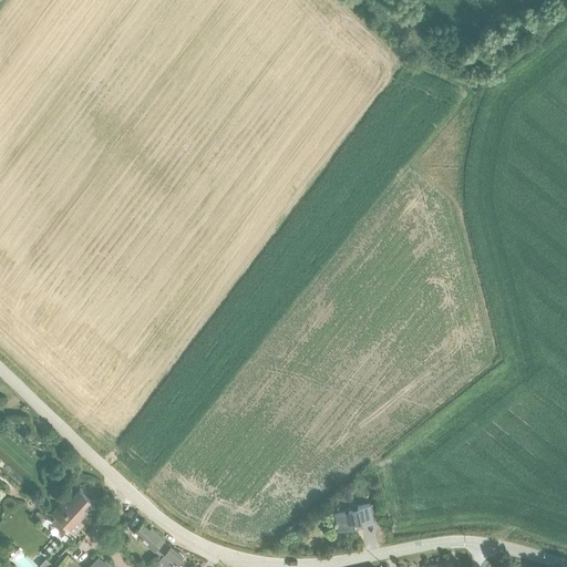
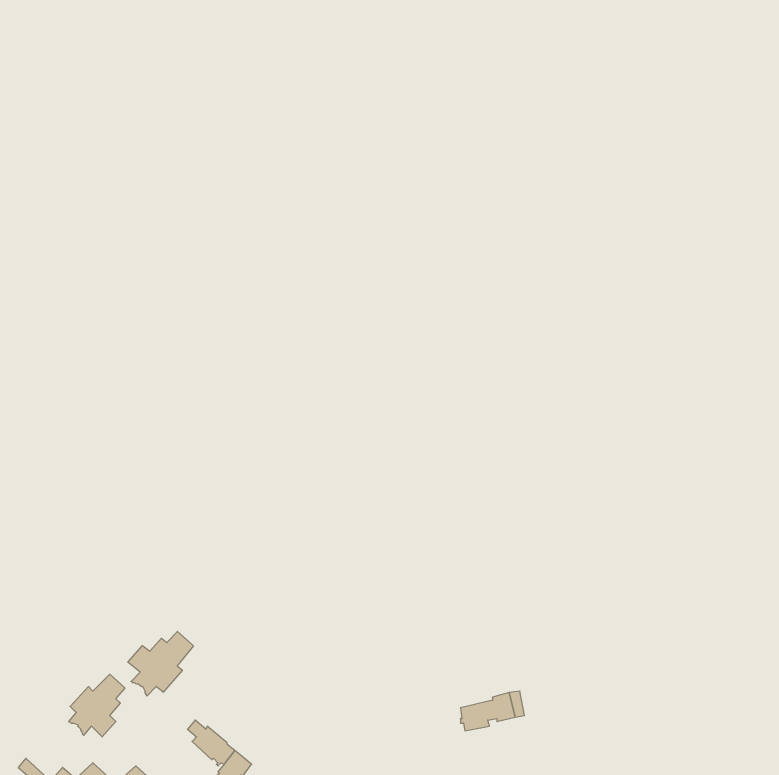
building: none -> [128,631,193,696]

